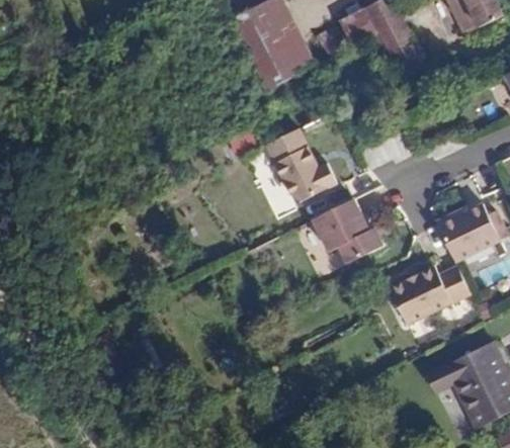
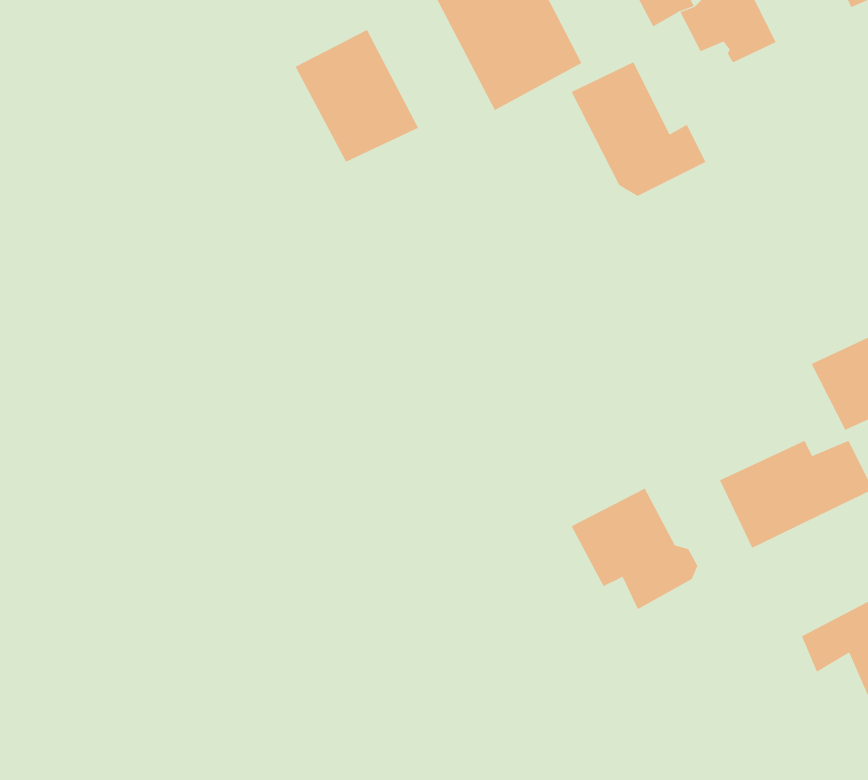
building: none -> [295,29,419,162]
building: [264,128,336,200] -> [571,61,706,197]
building: [313,198,380,263] -> [571,488,698,610]

